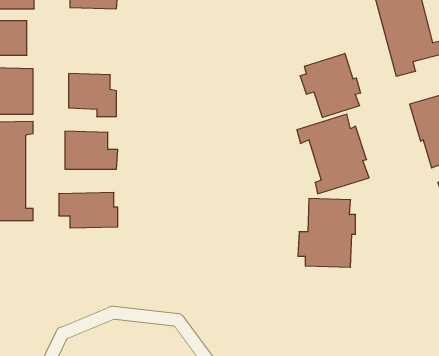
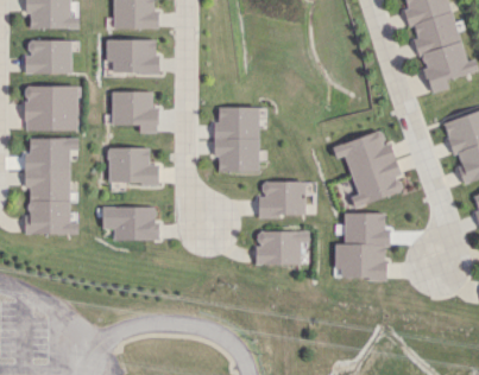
building: none -> [106,39,159,74]
building: [300,53,361,117] -> none
building: none -> [214,107,259,172]
building: none -> [258,182,305,217]
building: none -> [254,231,309,265]

